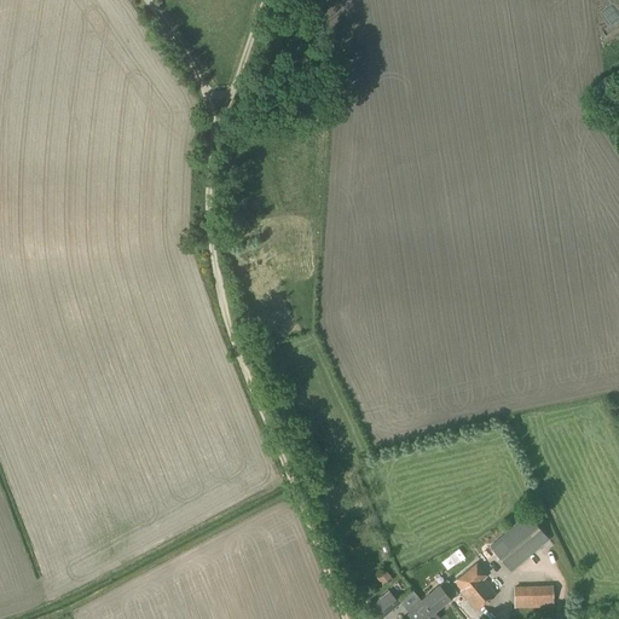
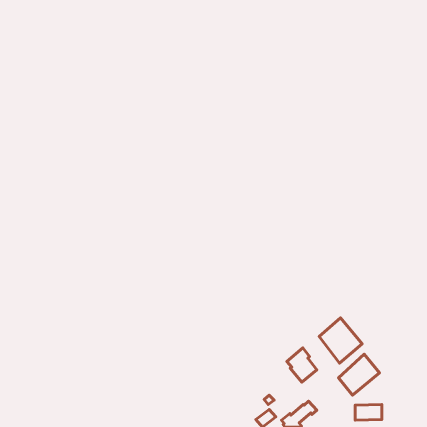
building: none -> [319,318,362,363]
building: [453,562,497,612] -> [287,348,317,382]

